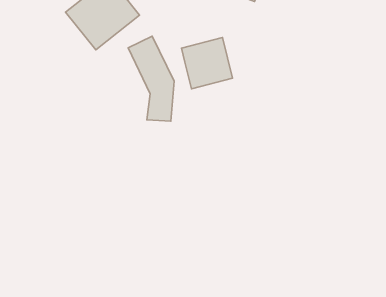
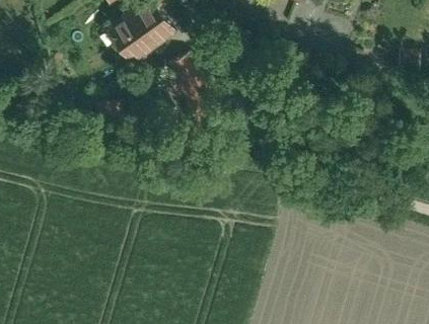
building: [181,38,232,89] -> none

